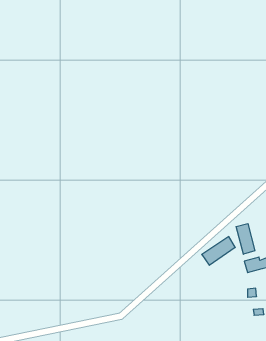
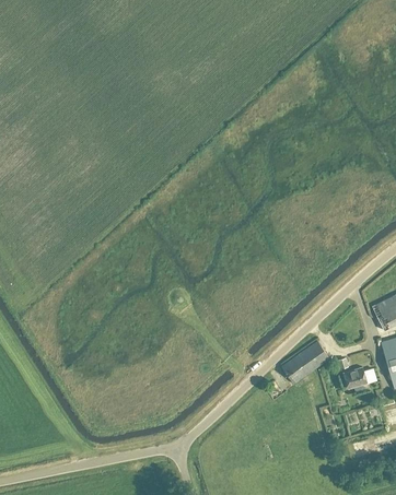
building: [236,224,255,254] -> none

